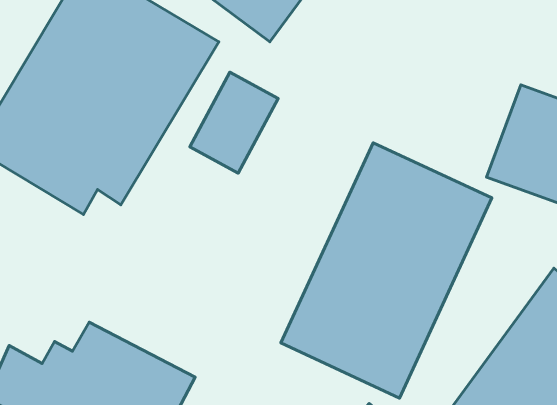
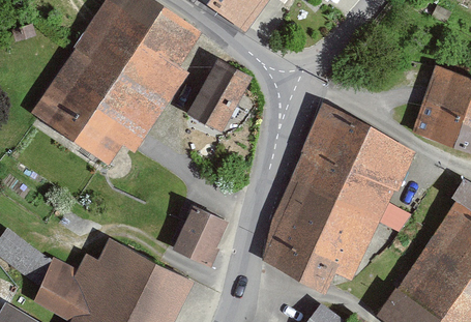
building: none -> [168,206,225,267]

